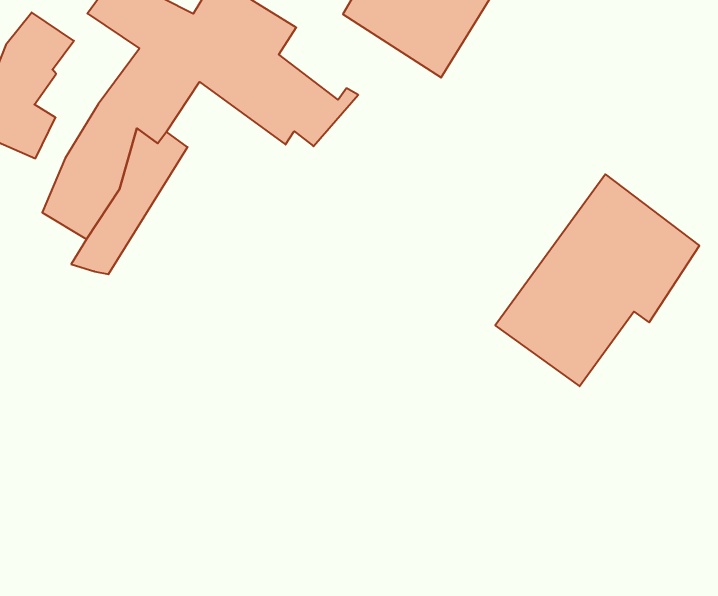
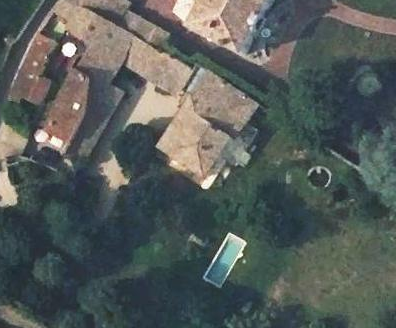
building: [495,174,699,386] -> [159,71,259,178]

